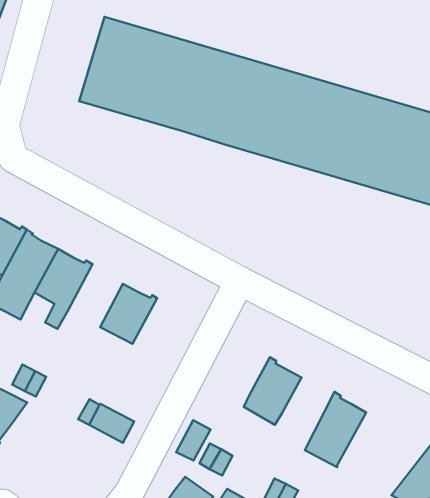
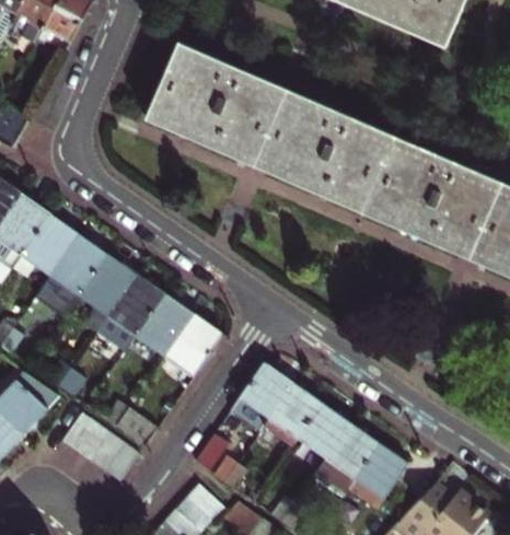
building: none -> [108,274,163,334]
building: none -> [165,313,223,376]
building: none -> [230,362,293,430]
building: none -> [298,405,350,457]
building: none -> [344,445,408,513]
building: none -> [61,411,139,481]

